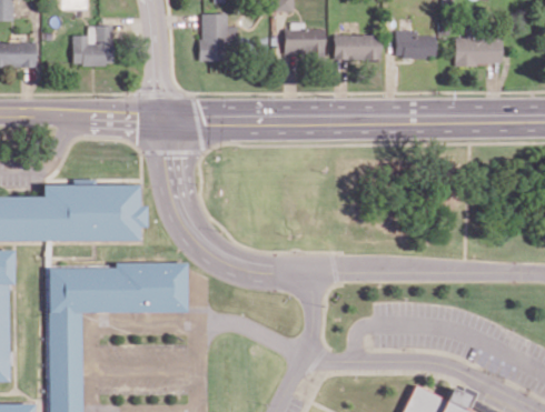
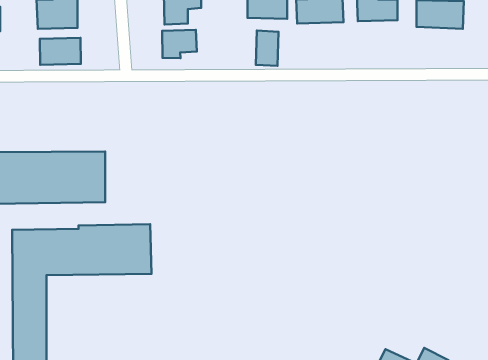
building: none -> [162,30,197,58]
building: none -> [256,31,278,66]
building: none -> [40,38,81,65]

